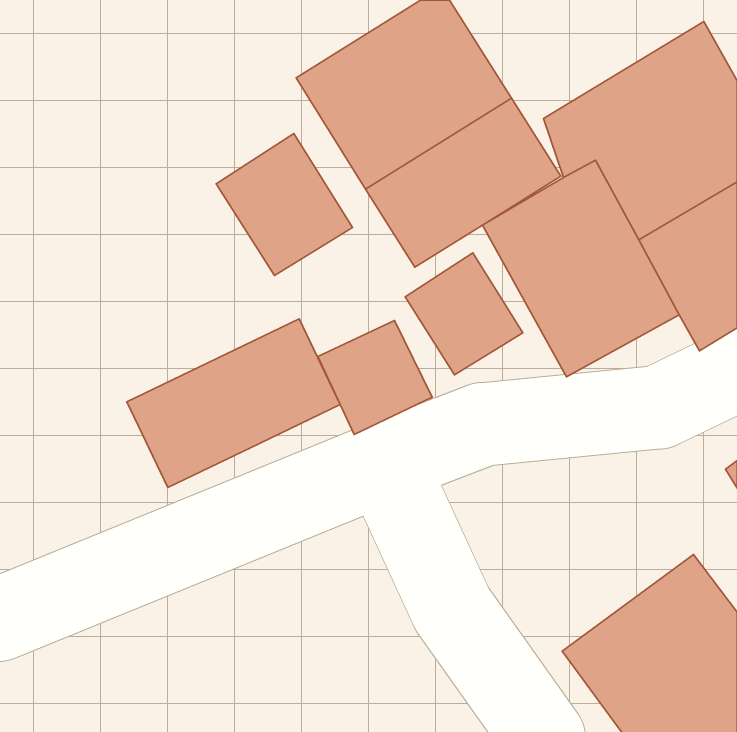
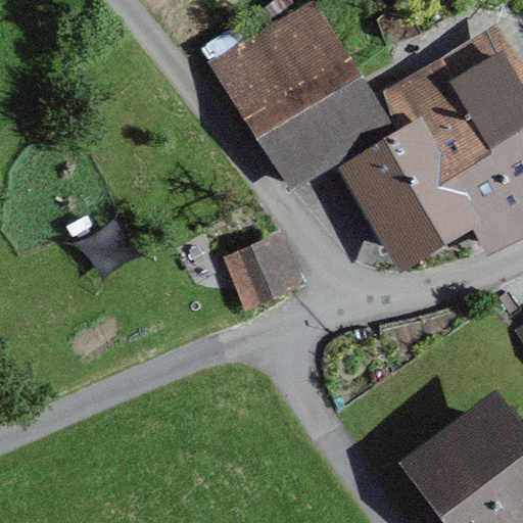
building: [216,133,353,275] -> none
building: [405,253,523,375] -> none
building: [127,319,340,487] -> none

